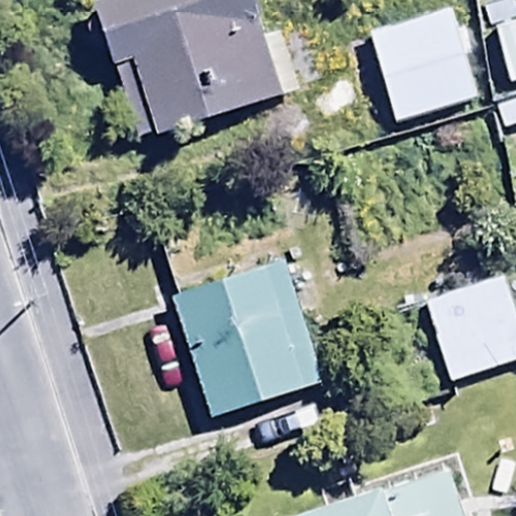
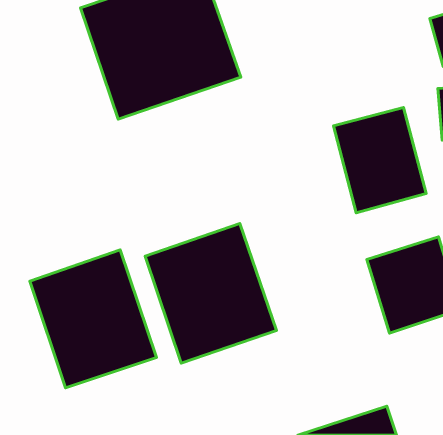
building: [371,5,478,126] -> [333,108,426,213]
building: none -> [30,250,157,388]

